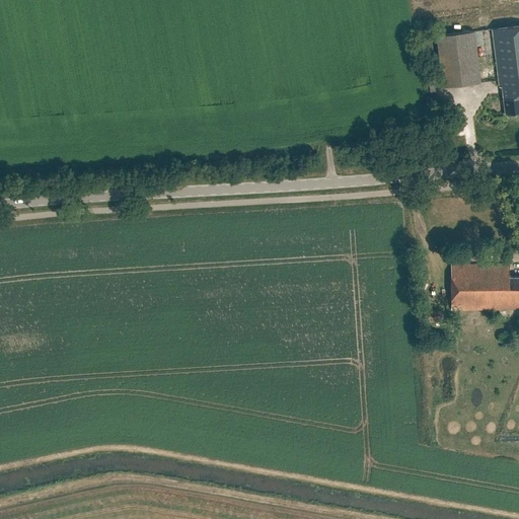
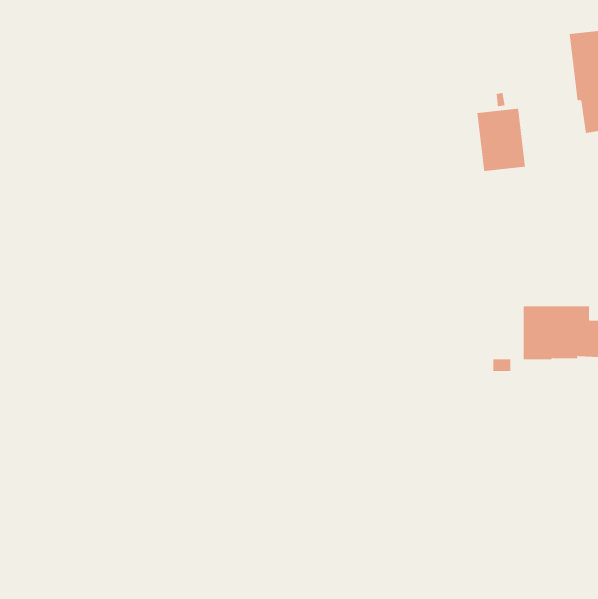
building: [438,32,480,87] -> [476,108,526,171]

